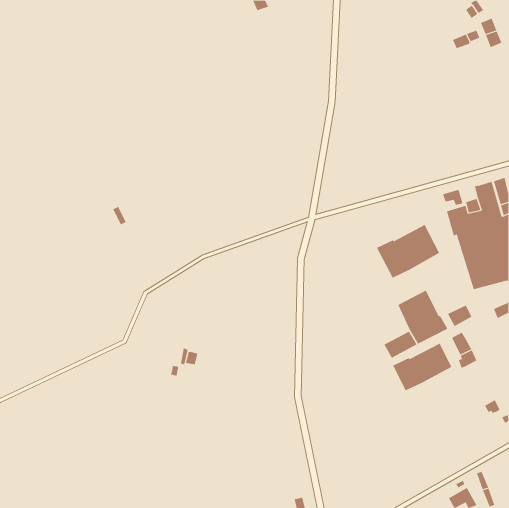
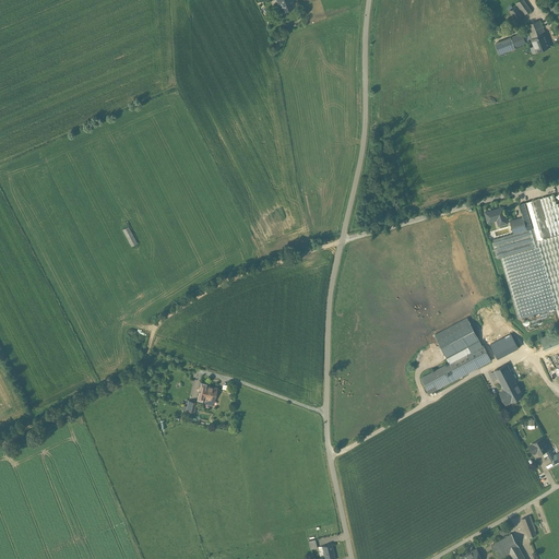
building: [376,224,440,279] -> none
building: [392,343,452,391] -> none

